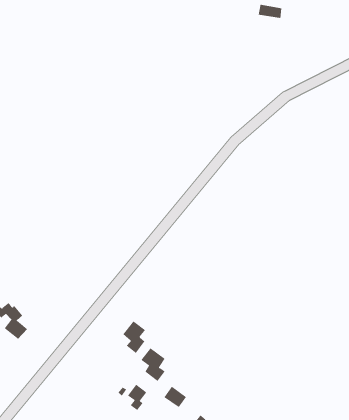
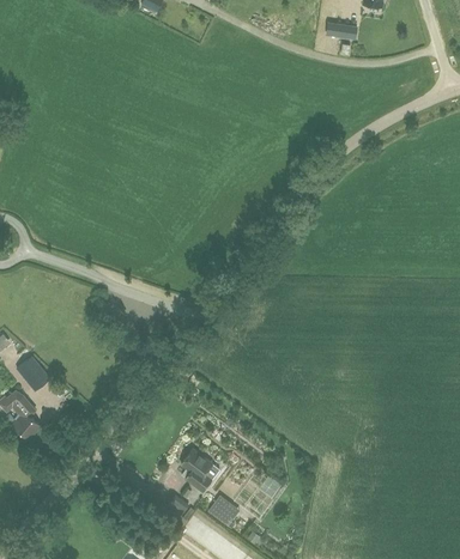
building: none -> [16,356,49,390]
building: [122,320,146,354] -> none

